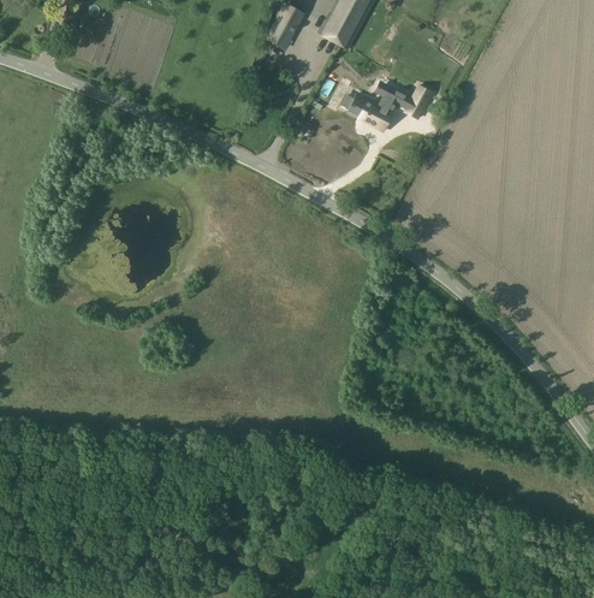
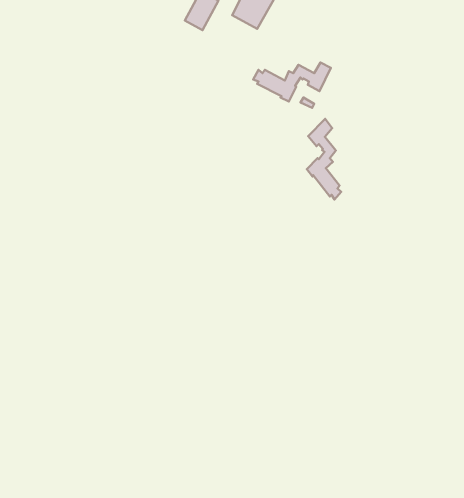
building: none -> [307,119,341,200]

